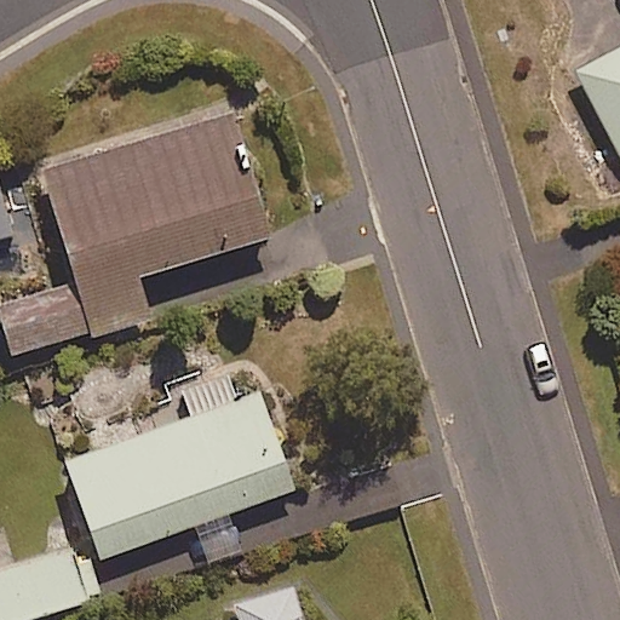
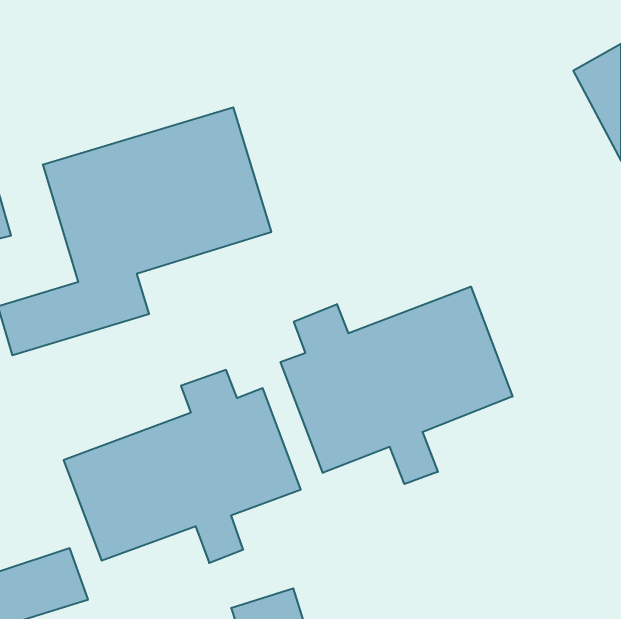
building: none -> [281,287,513,484]

